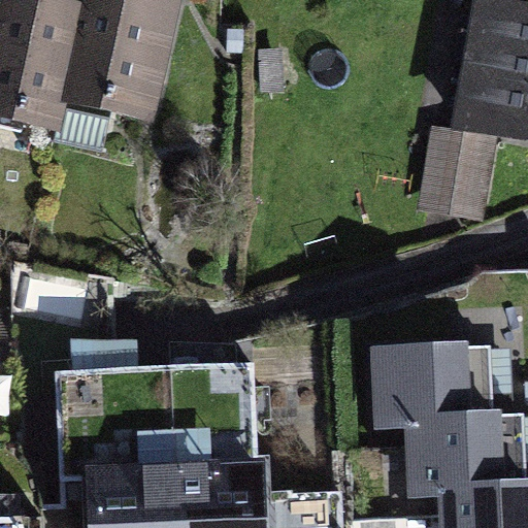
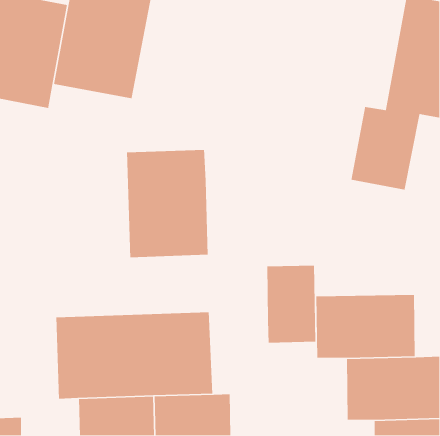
building: none -> [126,149,208,258]
building: none -> [267,265,316,343]

